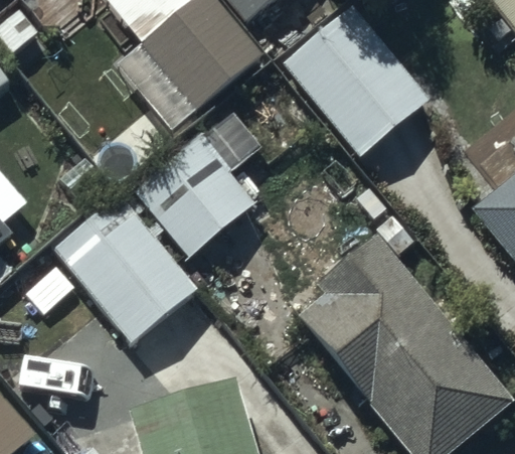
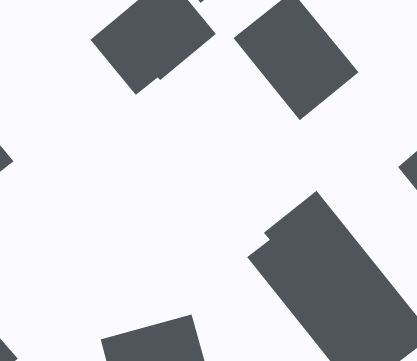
building: [126,106,260,258] -> none
building: [54,192,200,344] -> none

